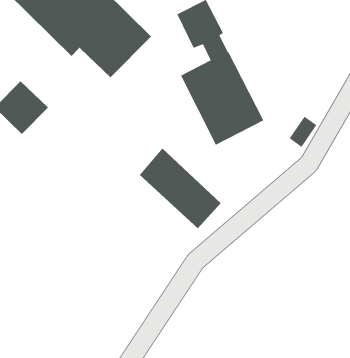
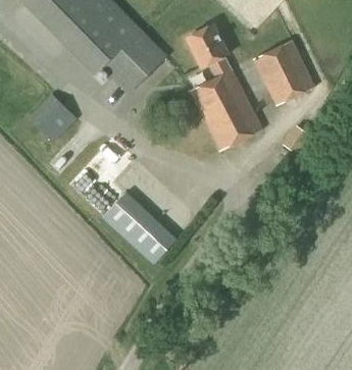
building: none -> [255,39,315,104]
building: [139,148,221,229] -> [104,192,175,262]

